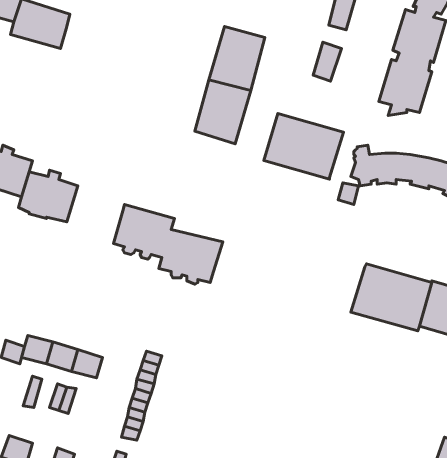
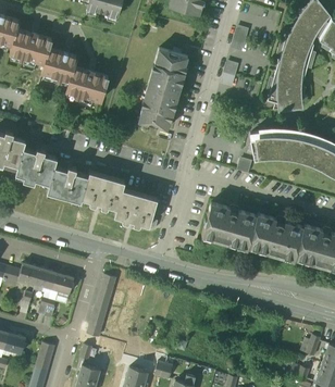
building: none -> [41,49,108,101]
building: [264,114,343,179] -> [201,203,257,249]
building: none -> [47,167,88,203]

